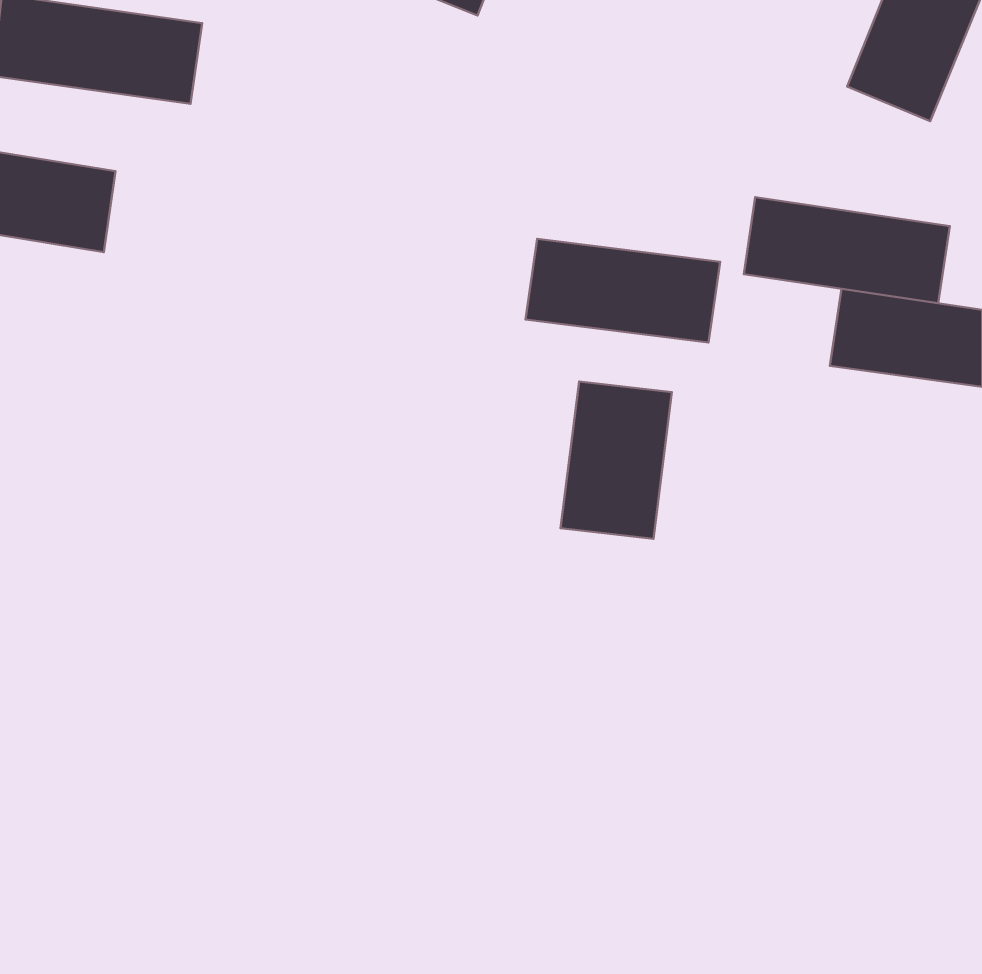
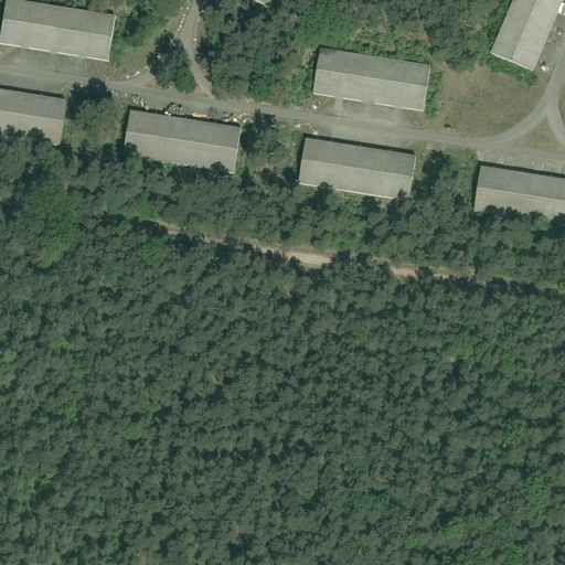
building: none -> [127,107,241,170]
building: [744,197,950,303] -> [311,49,429,109]
building: [560,381,672,539] -> none

